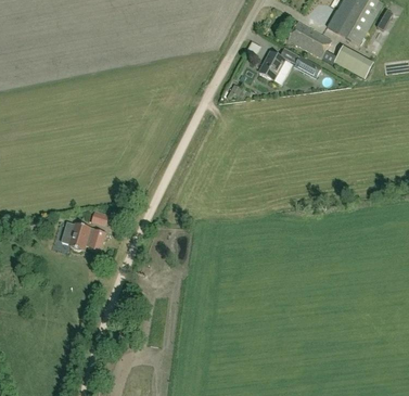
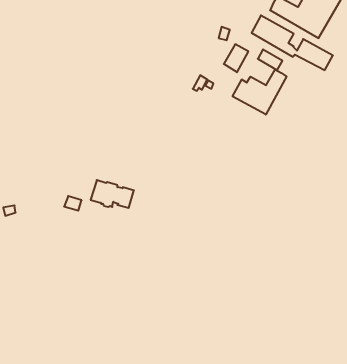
building: none -> [233,69,287,115]
building: [60,221,105,251] -> [91,180,134,208]

